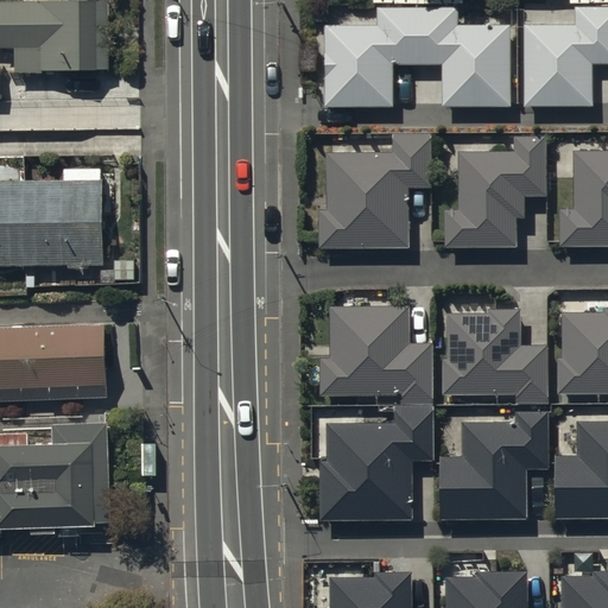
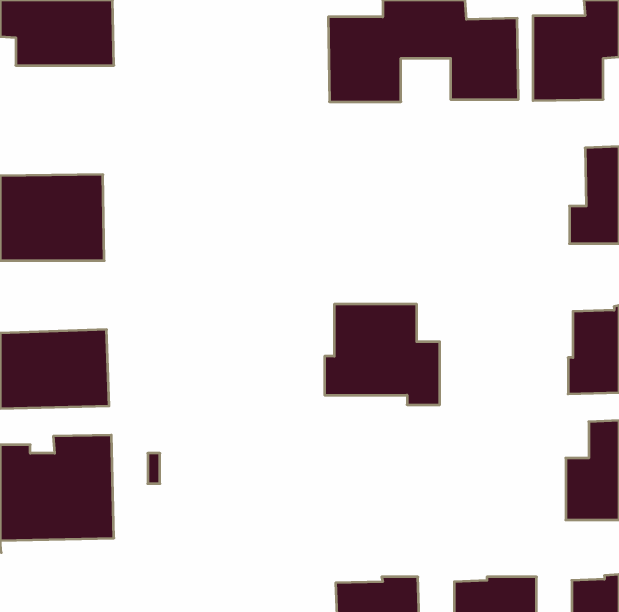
building: [318,134,430,247] -> none
building: [442,135,544,245] -> none
building: [442,308,546,404] -> none
building: [318,407,432,519] -> none
building: [439,411,547,518] -> none

